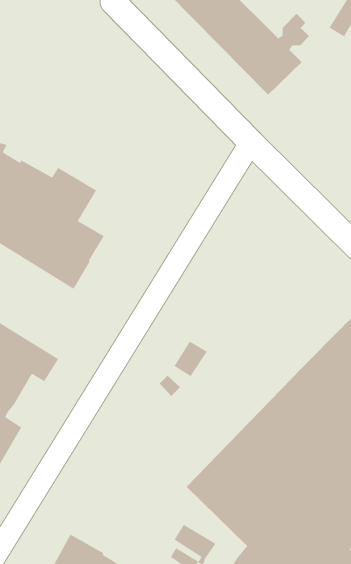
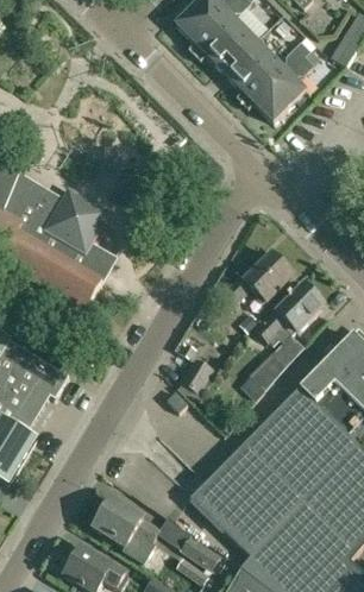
building: none -> [222,251,294,302]
building: none -> [255,283,324,344]
building: none -> [249,351,287,390]
building: none -> [94,496,159,562]

